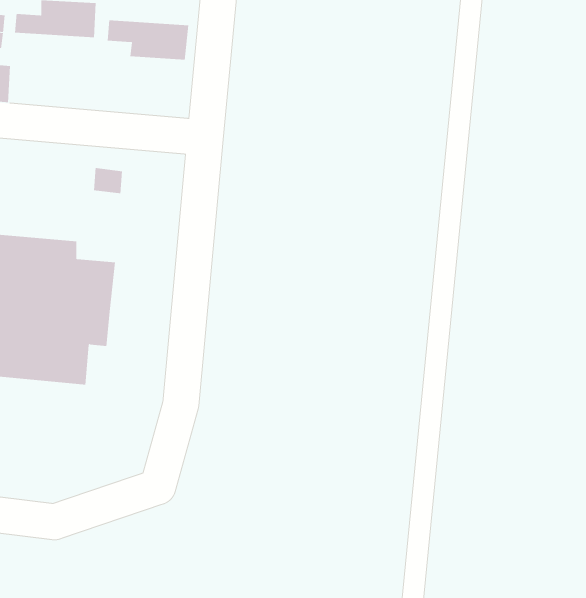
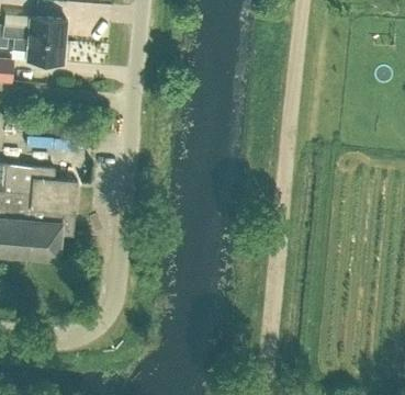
building: [107,20,189,60] -> [13,37,65,63]

